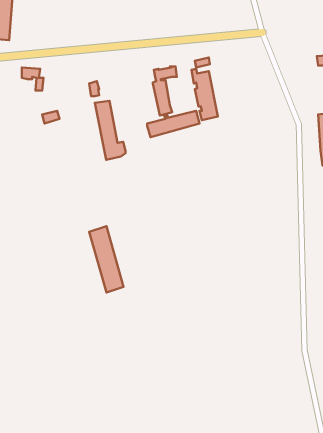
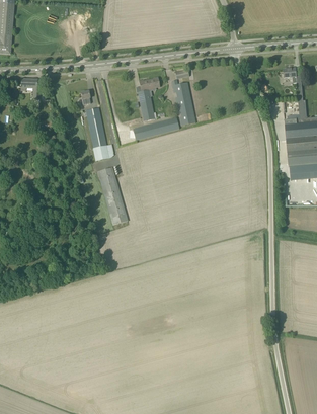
building: [89,226,123,292] -> [97,166,128,225]

